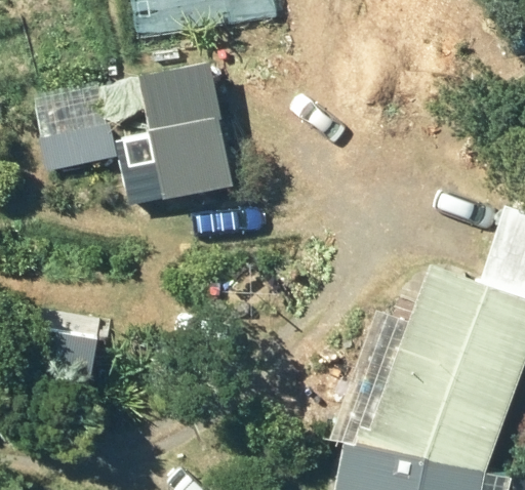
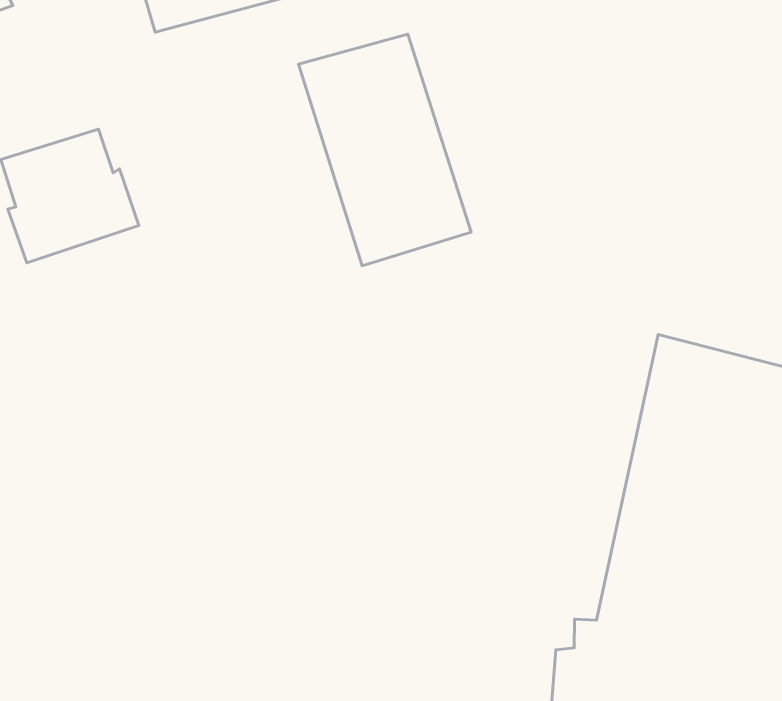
building: [137,58,232,197] -> [298,34,471,266]

